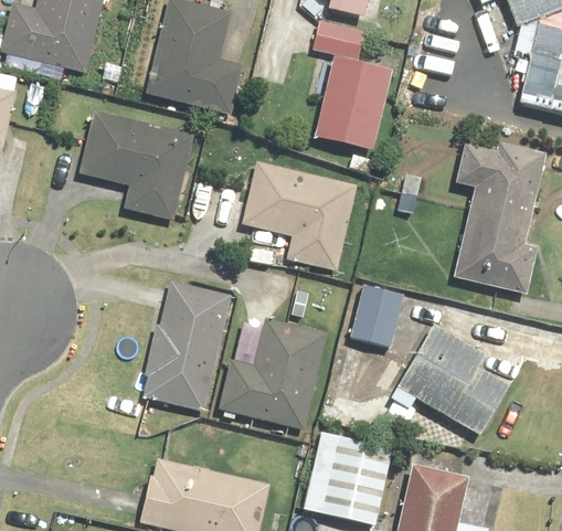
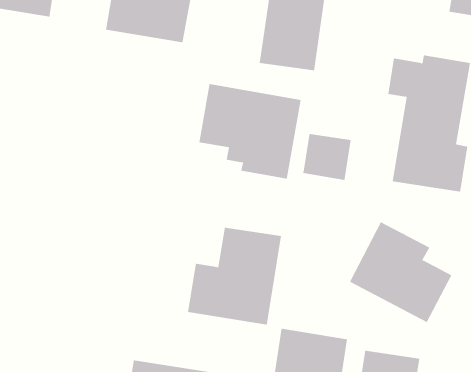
building: [79,109,194,217] -> none
building: [144,276,233,411] -> none
building: [350,279,406,333] -> [302,134,351,181]

